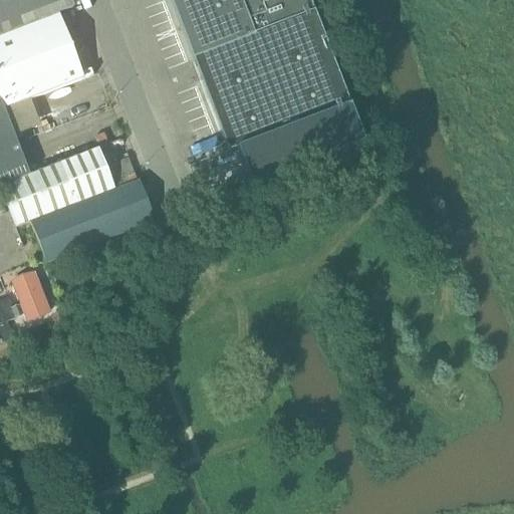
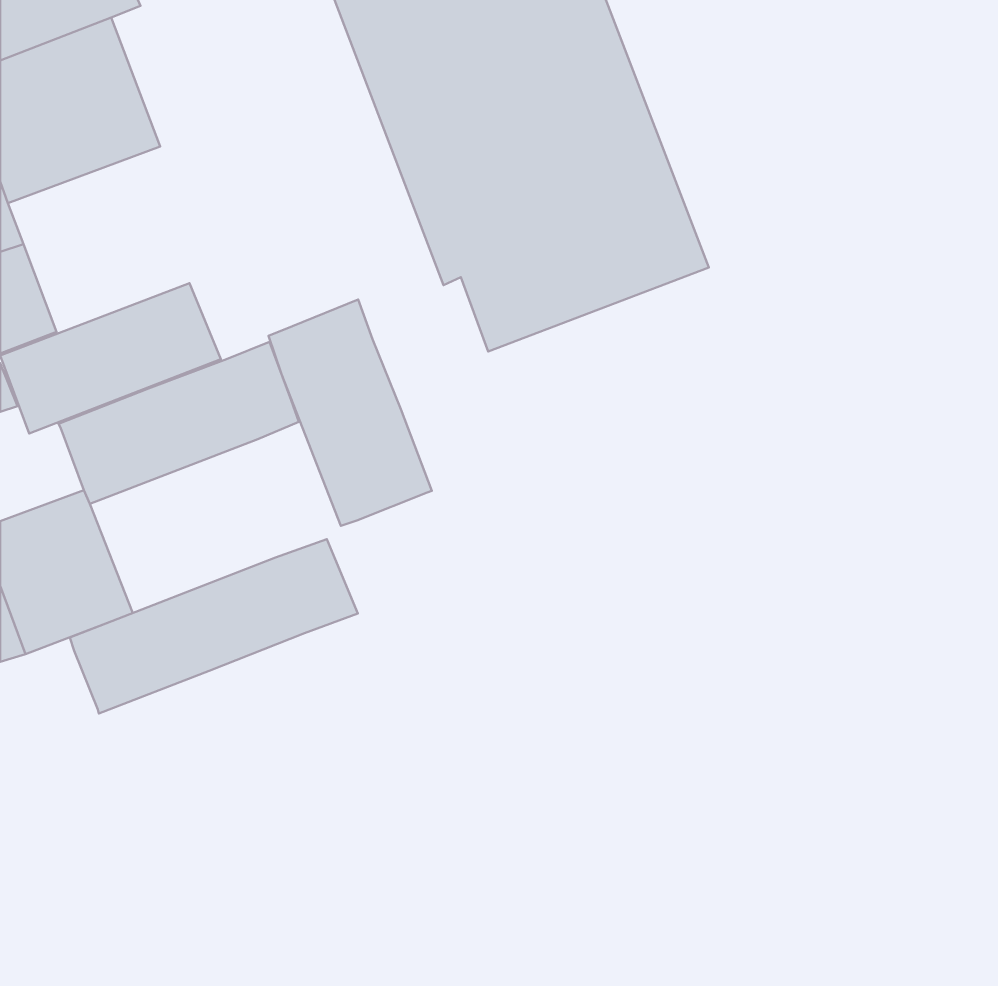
building: none -> [269,300,432,526]
building: none -> [70,539,358,713]

